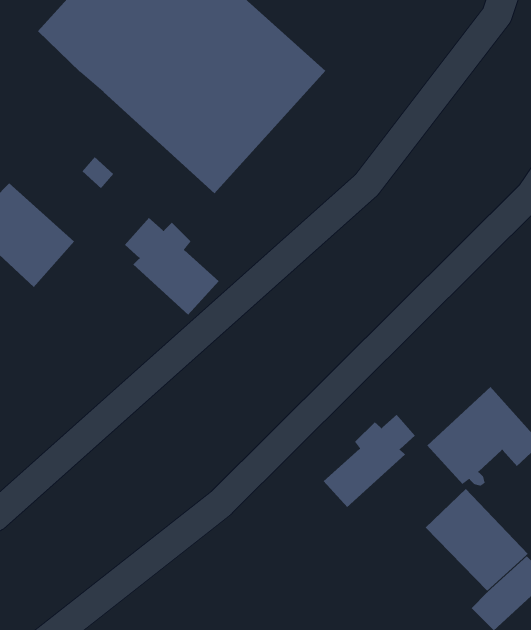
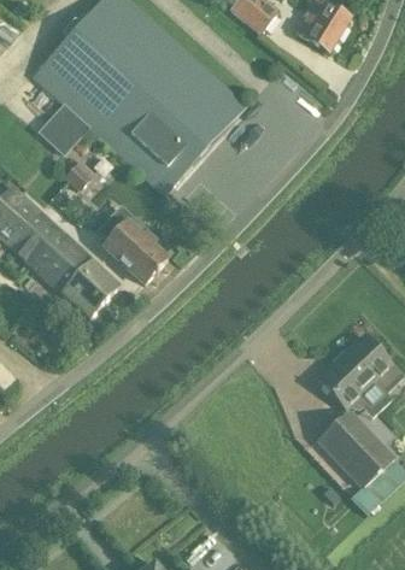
building: none -> [40,105,82,147]
building: none -> [31,229,121,317]
building: [323,414,416,508] -> none

